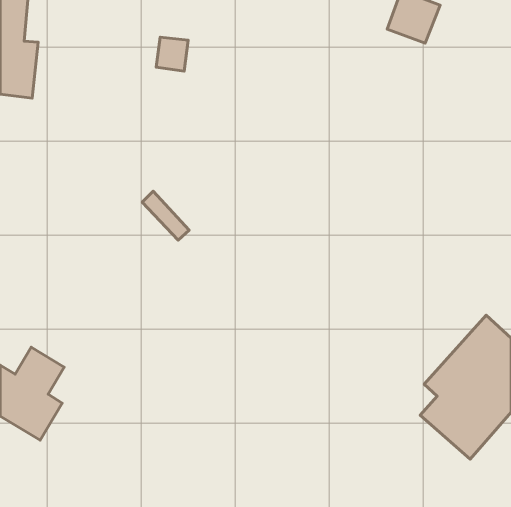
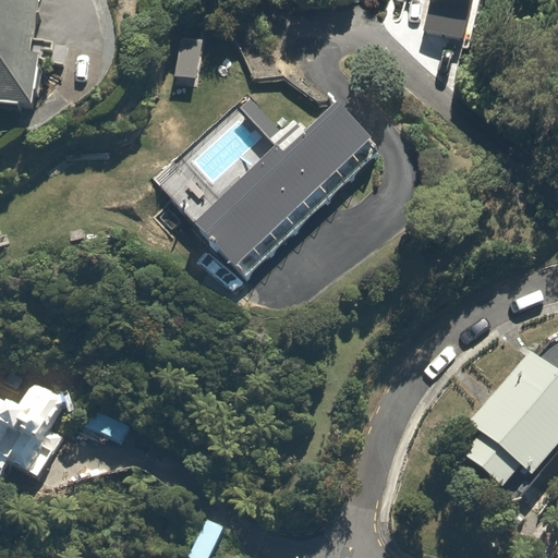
building: none -> [194,106,372,272]

